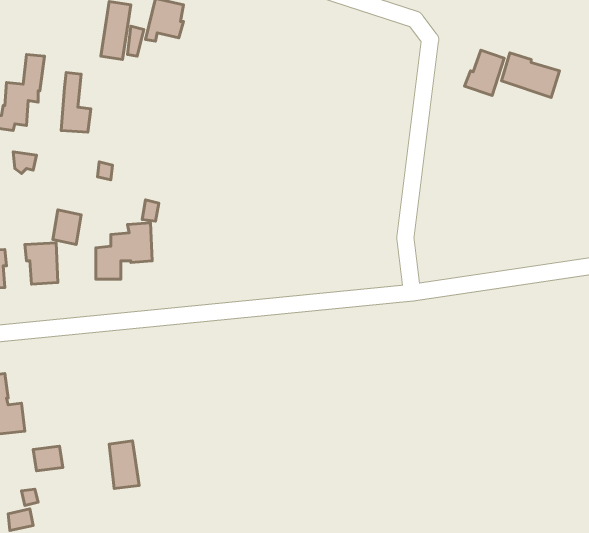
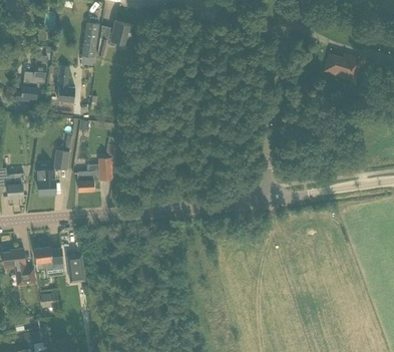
building: [464,50,504,95] -> none
building: none -> [34,246,63,270]
building: [109,441,139,489] -> [67,254,85,283]

